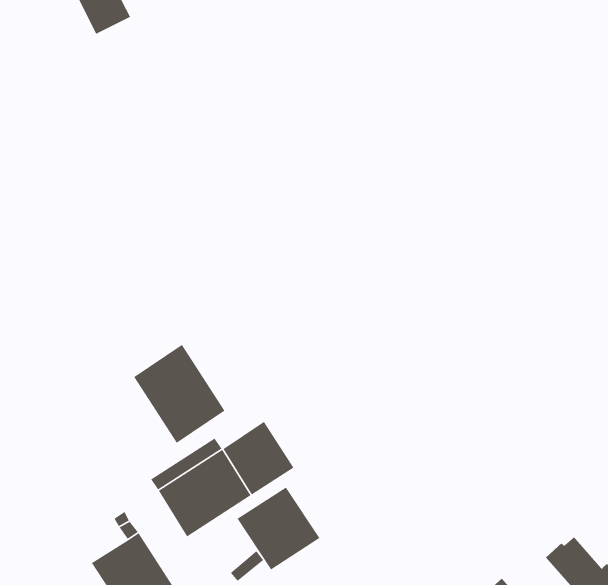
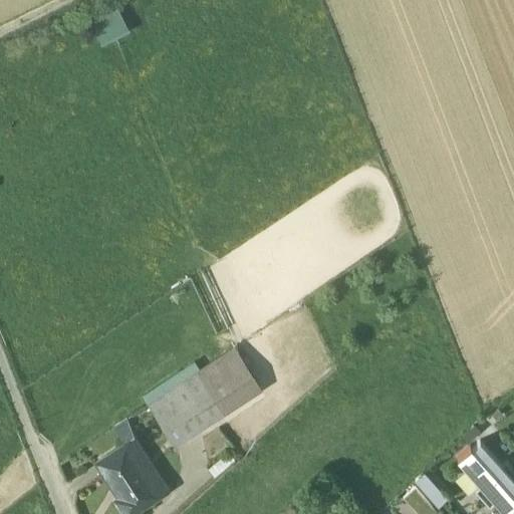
building: [133,344,226,444] -> none
building: [236,487,320,570] -> none

